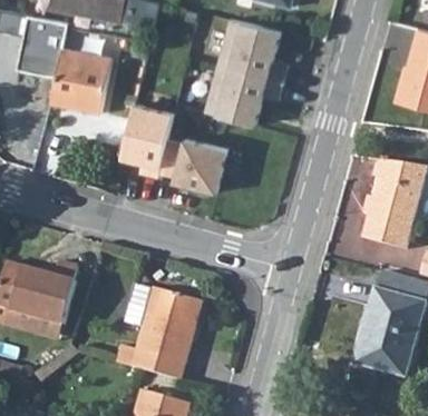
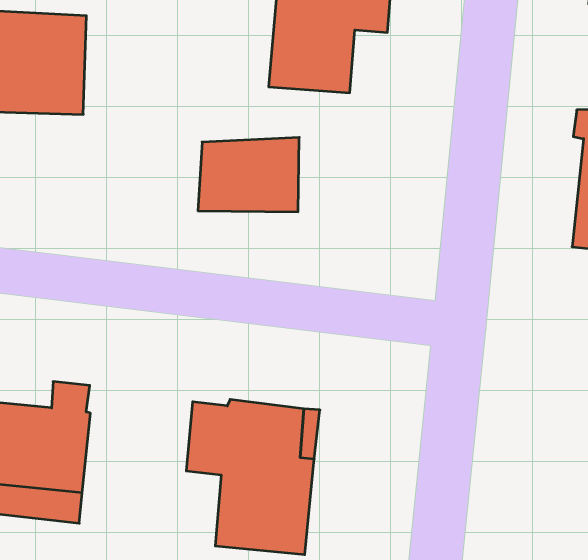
building: [111,100,171,178] -> none

